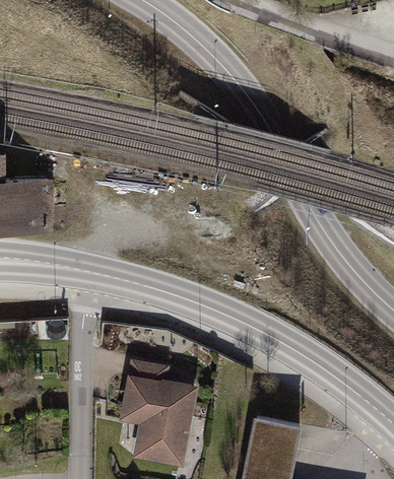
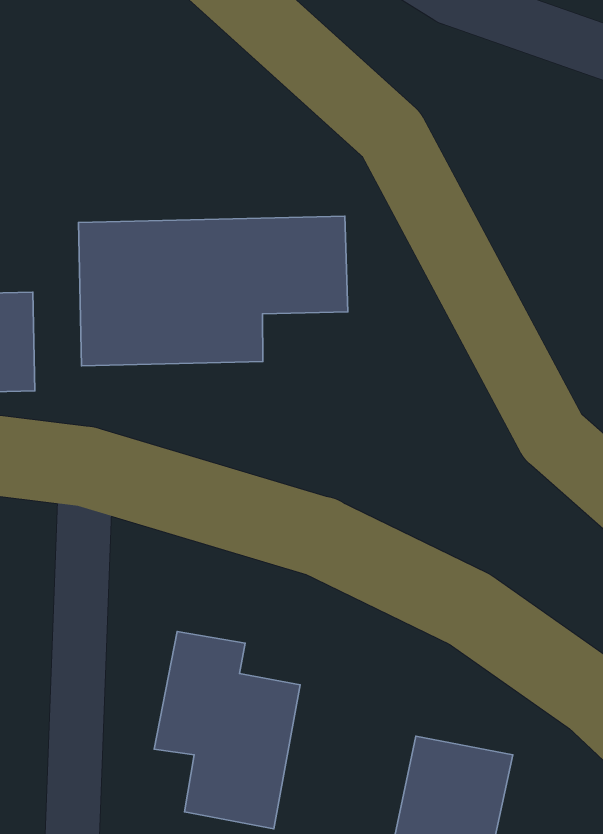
building: none -> [78,216,348,366]

